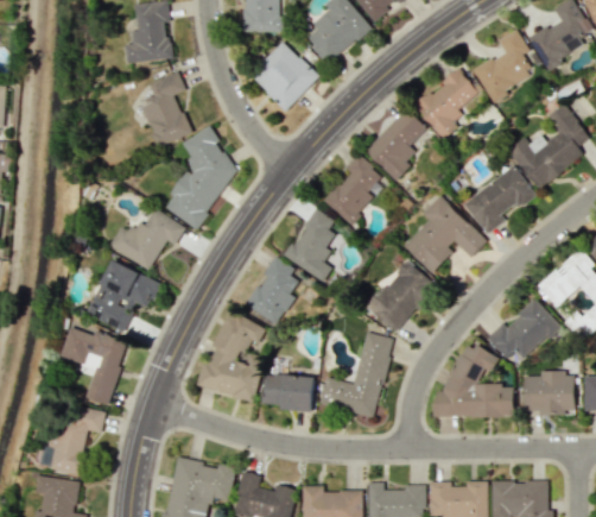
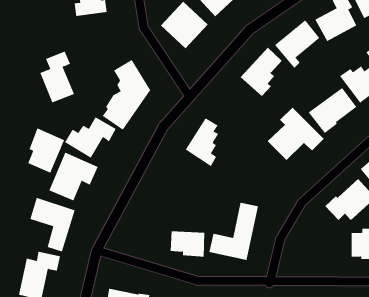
building: [140,71,191,147] -> [40,51,75,103]
building: [324,155,382,225] -> none
building: none -> [28,128,65,173]
building: [246,258,302,324] -> none
building: [367,260,437,334] -> none
building: [196,311,266,402] -> none
building: [433,342,514,417] -> none

